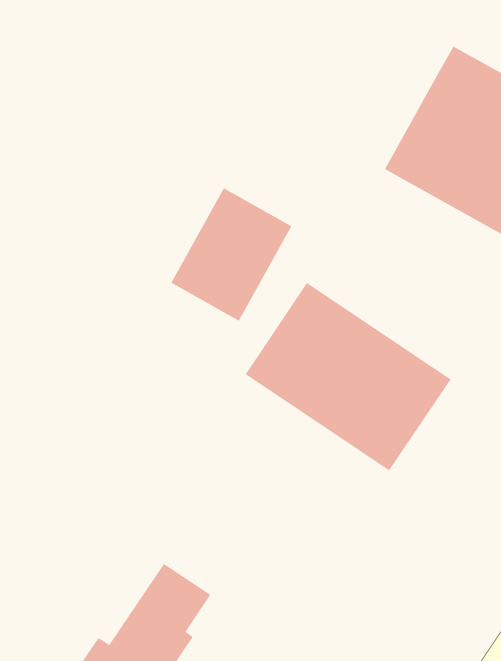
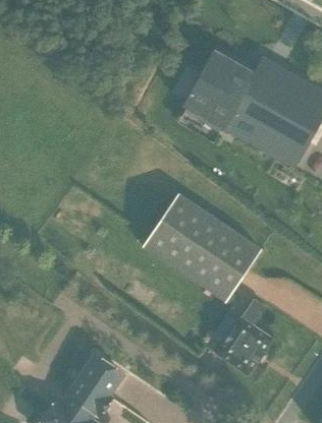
building: [170,187,292,322] -> [183,51,254,128]
building: none -> [213,297,272,374]

